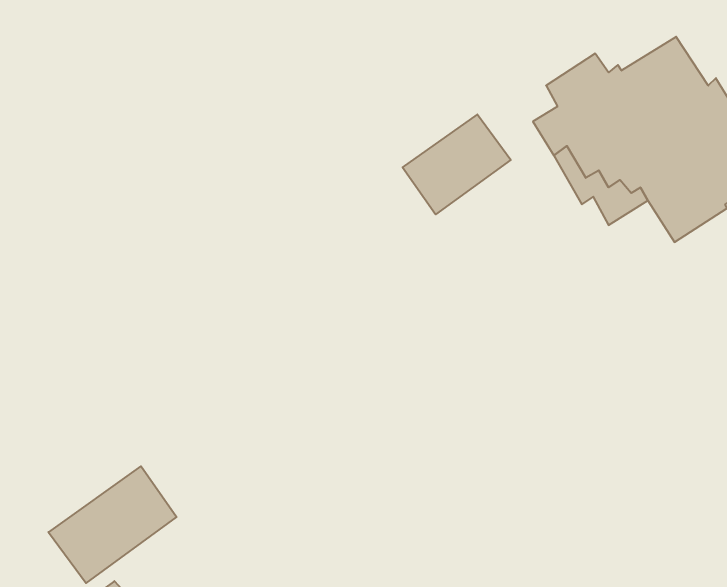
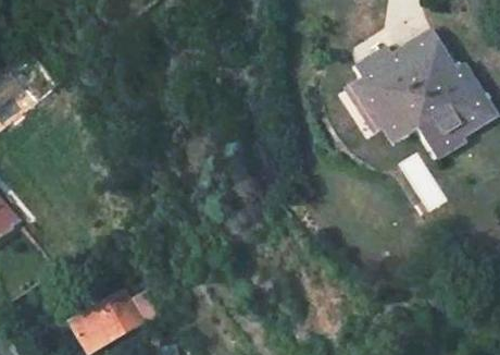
building: [403,114,511,214] -> none

